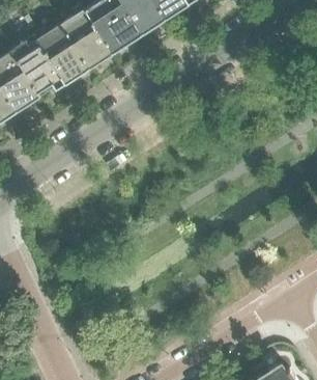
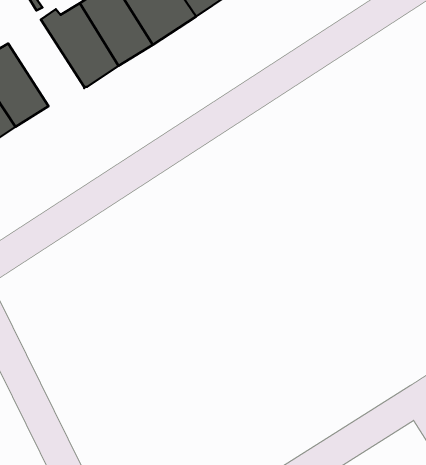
building: [10,37,64,98] -> none

